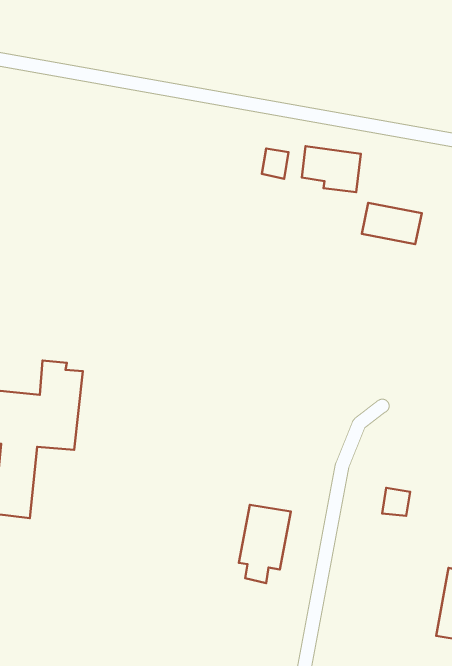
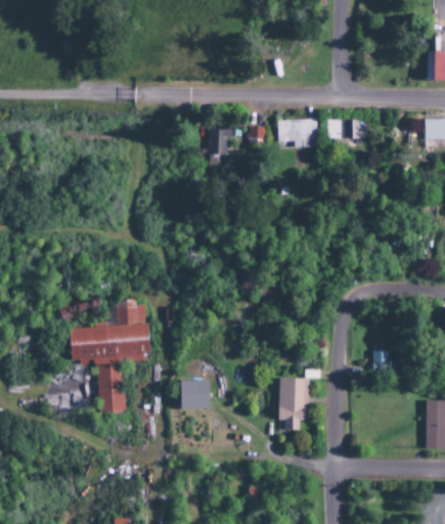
building: none -> [210,124,232,155]
building: [362,203,422,244] -> [327,119,367,142]
building: none -> [180,381,209,409]

